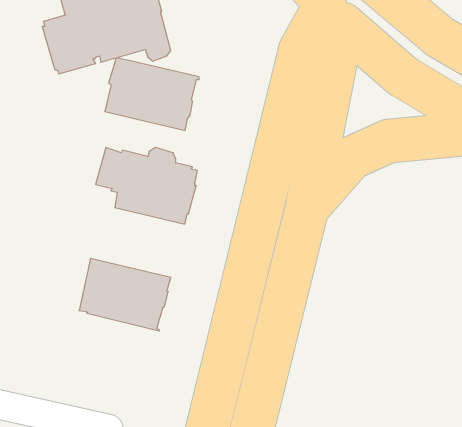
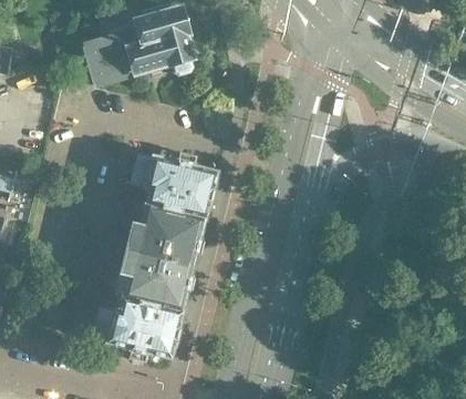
building: [105,58,199,130] -> [124,202,206,265]
building: none -> [91,296,184,358]

